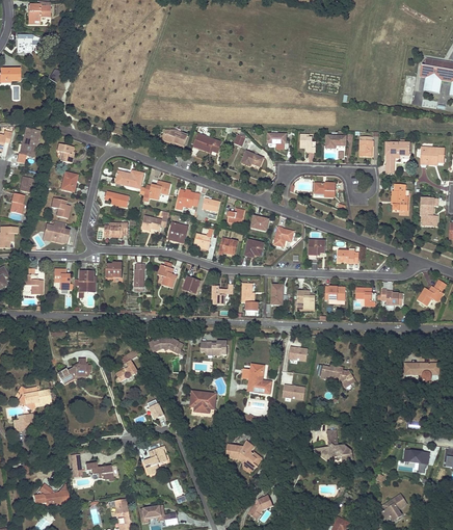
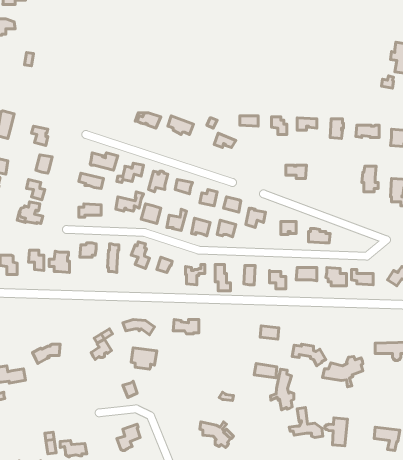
building: [244,366,270,395] -> none
building: none -> [323,357,363,387]
building: none -> [270,369,294,410]
building: [189,391,215,413] -> [131,348,157,369]
building: none -> [325,418,348,446]

